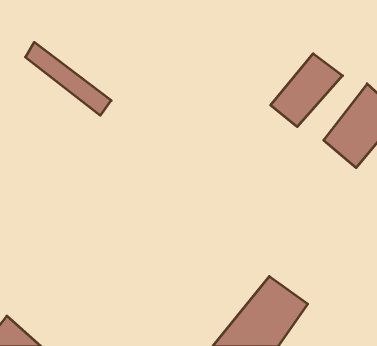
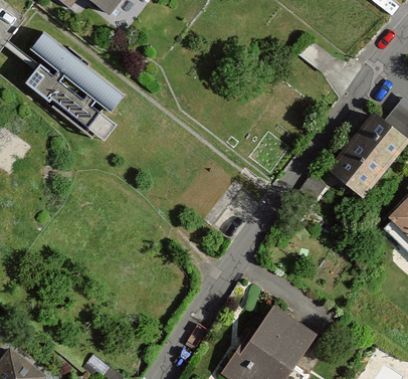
building: none -> [27,31,125,118]
building: [271,54,343,127] -> none

